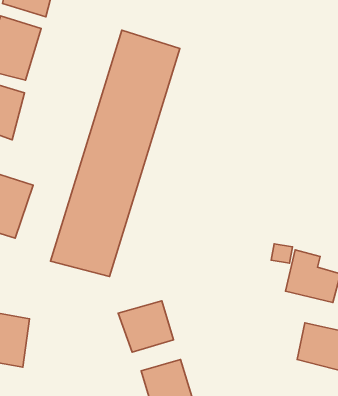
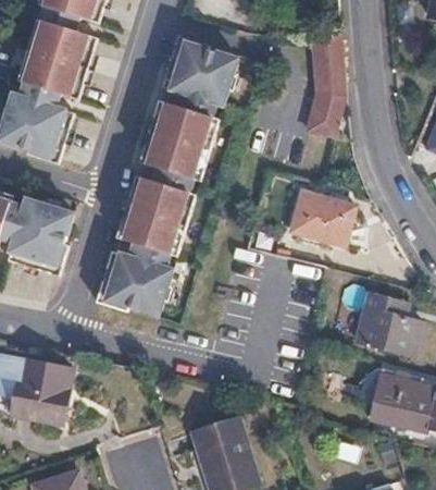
building: none -> [308,26,349,144]
building: none -> [290,191,354,244]
building: [118,301,174,352] -> none

